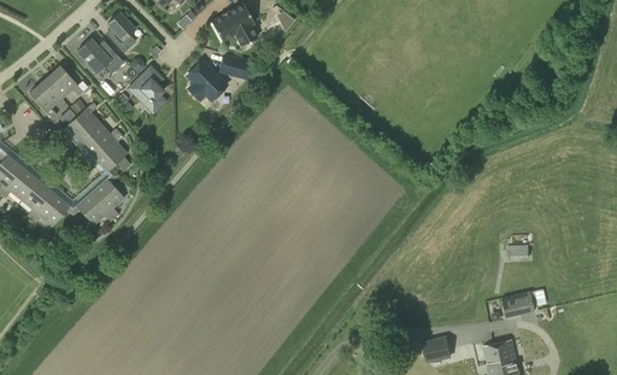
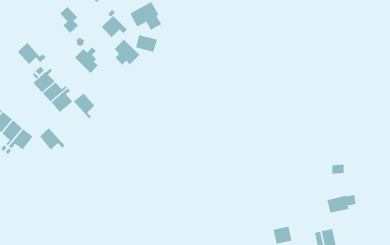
building: none -> [101,15,127,38]
building: [76,37,123,74] -> none
building: [29,78,61,118] -> none
building: [90,177,123,217] -> [73,92,95,119]

